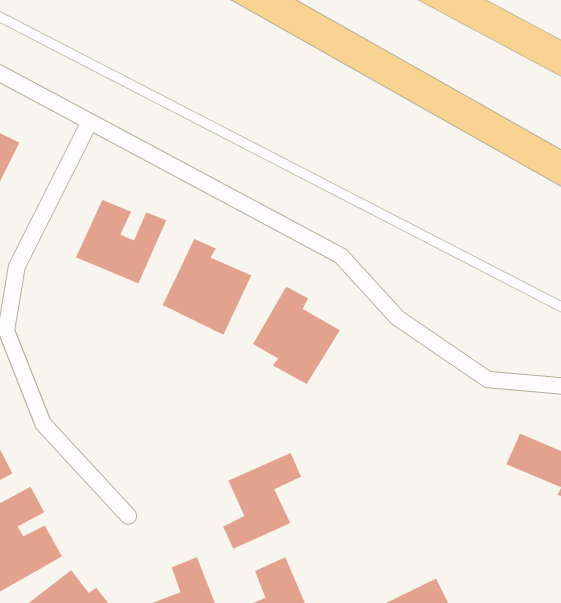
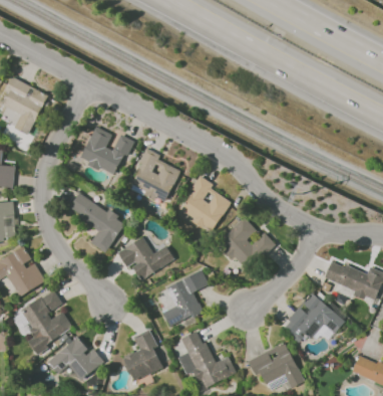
building: none -> [67,193,126,252]
building: none -> [216,217,274,271]
building: none -> [116,237,173,279]
building: none -> [282,292,345,342]

